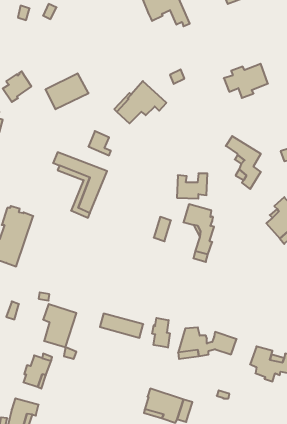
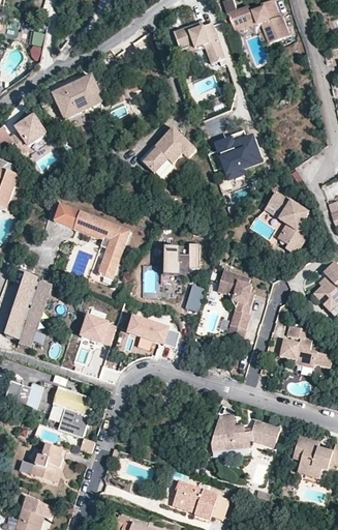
building: [224,64,268,98] -> [211,142,262,181]
building: [45,73,89,109] -> [53,79,102,120]
building: [88,131,111,155] -> [50,204,75,232]
building: [177,173,207,199] -> [162,243,197,272]
building: none -> [80,313,116,345]
building: none -> [282,326,332,369]
building: [100,314,143,338] -> [127,319,177,347]
building: [152,318,170,348] -> none

